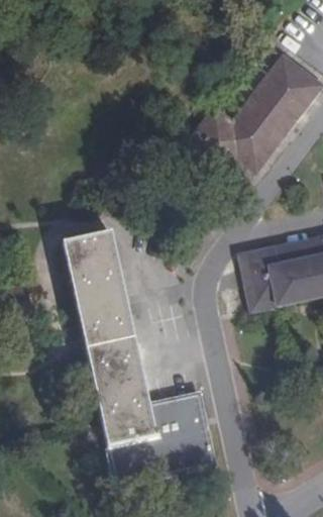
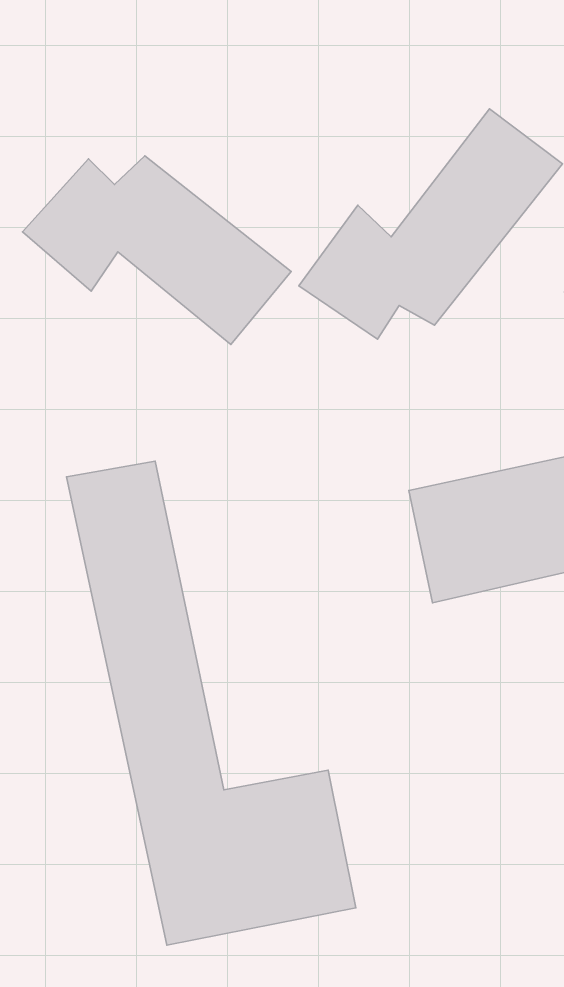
building: none -> [23,156,291,345]

